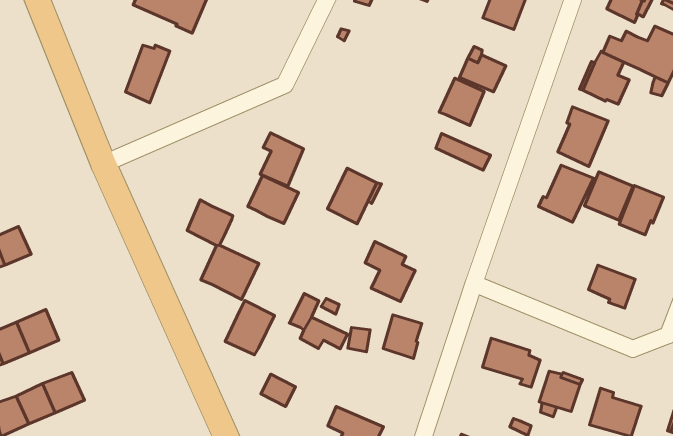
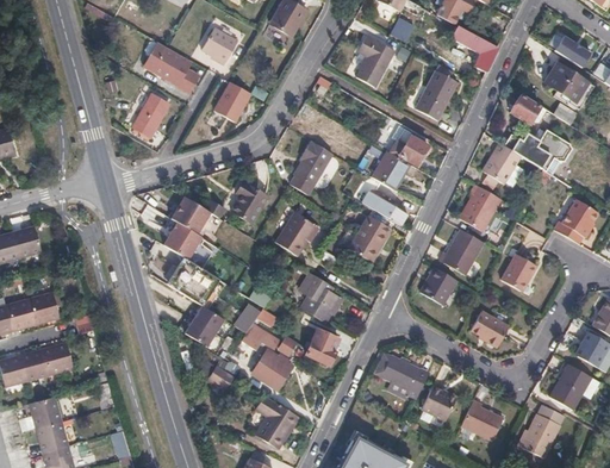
building: none -> [212,81,249,121]
building: none -> [288,139,331,192]
building: none -> [348,216,391,260]
building: [585,172,633,220] -> [421,267,460,306]
building: [248,175,298,224] -> [173,195,213,235]
building: none -> [254,351,285,383]

